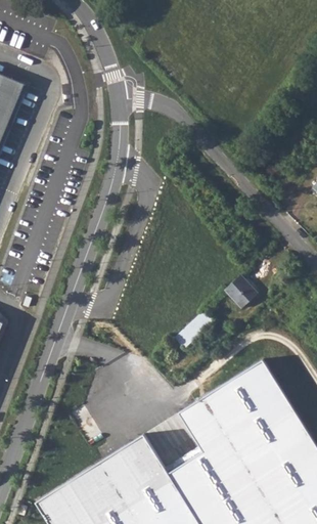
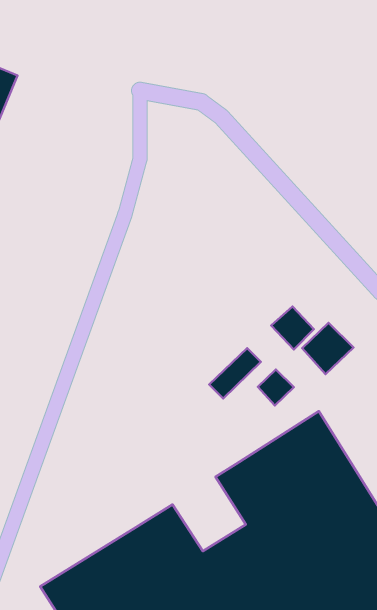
building: none -> [302,323,354,374]
building: none -> [258,370,294,405]

